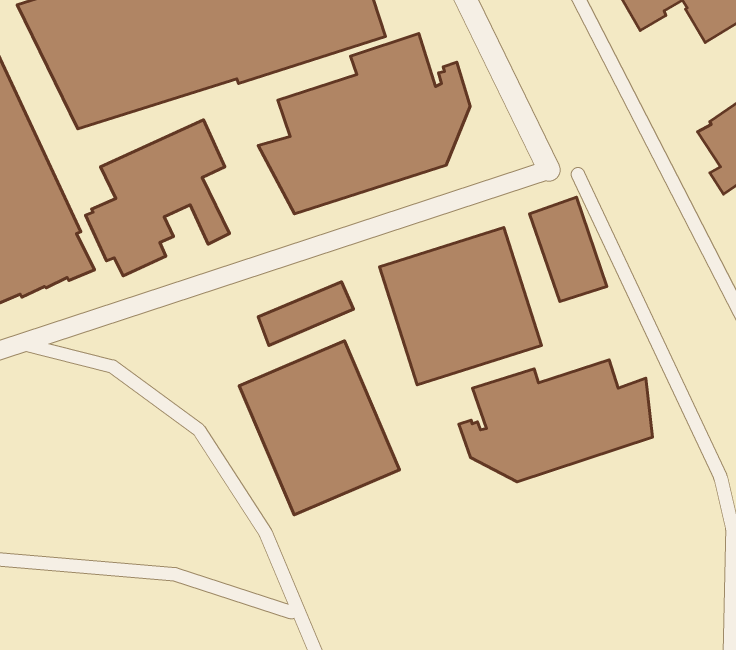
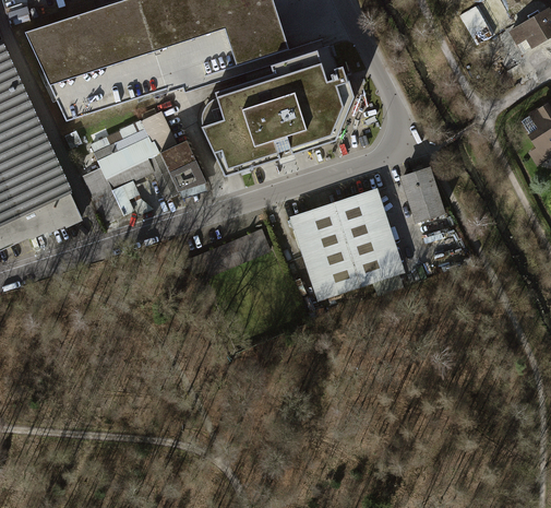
building: none -> [160,140,207,193]
building: [239,341,400,515] -> none
building: [459,360,653,482] -> none

